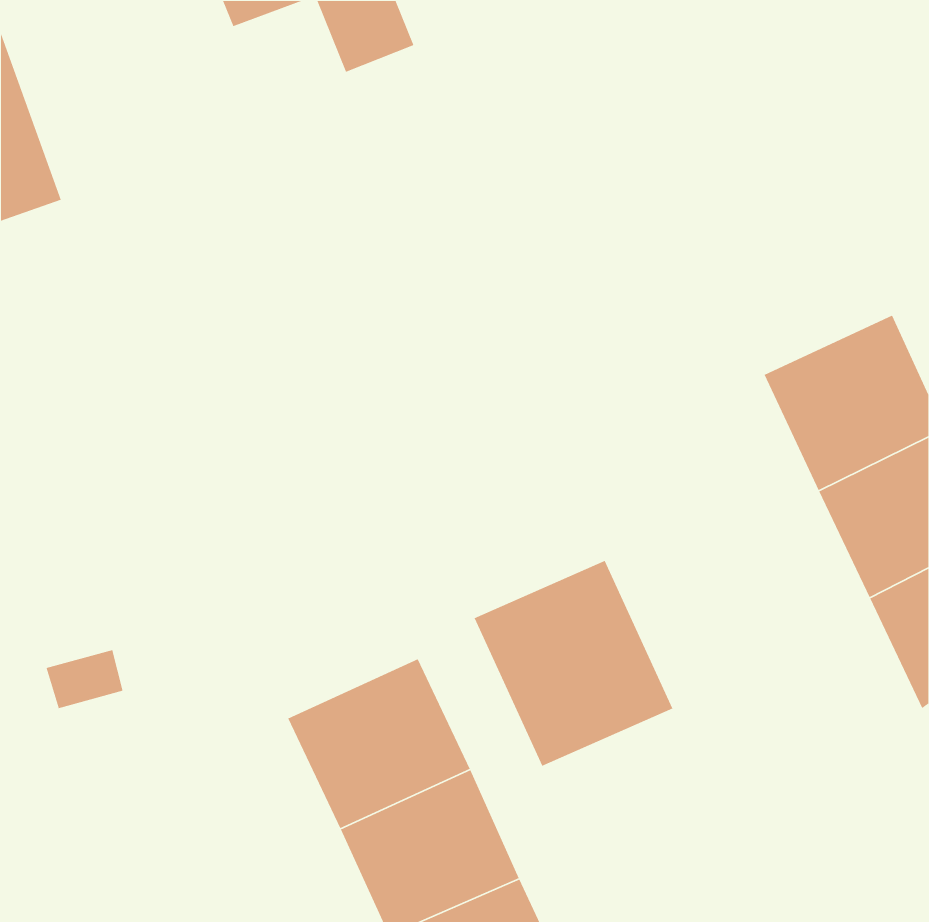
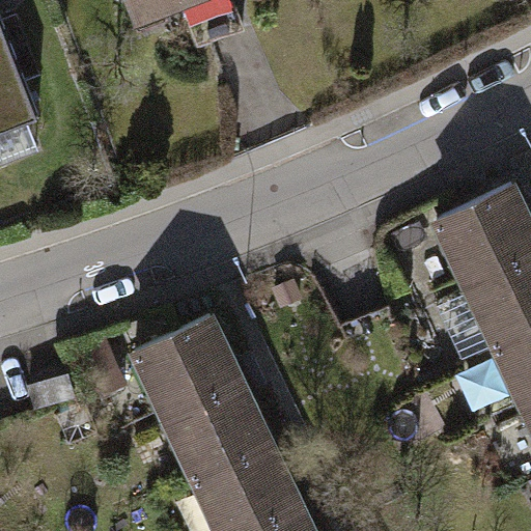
building: none -> [135,316,239,414]
building: [474,560,673,767] -> none

